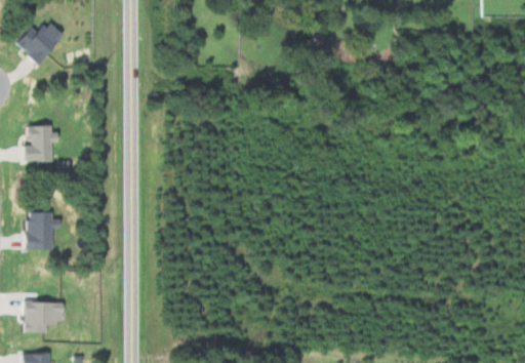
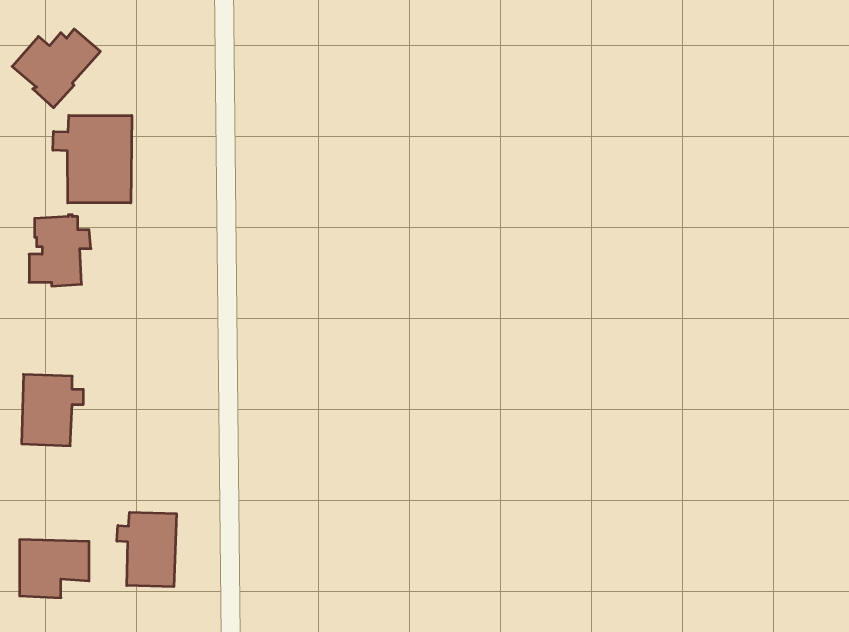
building: none -> [53,115,132,203]
building: none -> [117,512,176,587]

